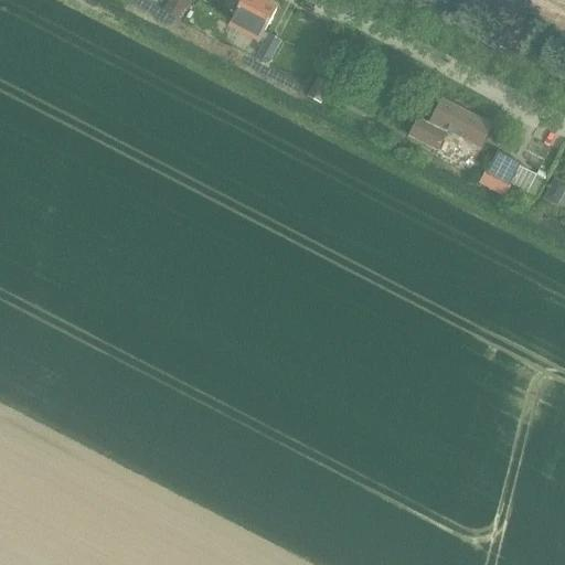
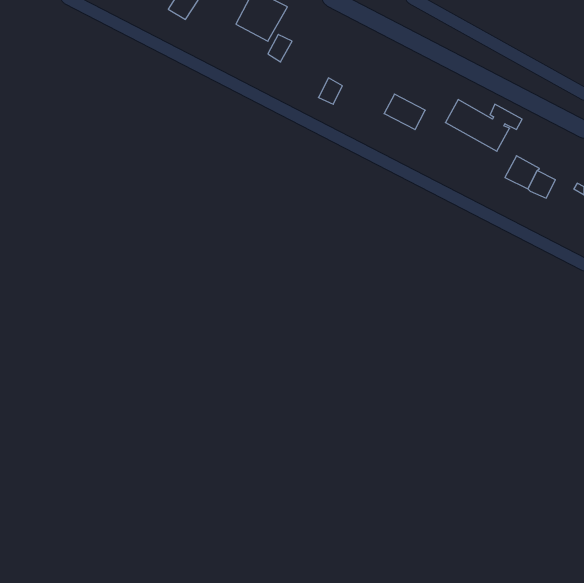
building: [407,116,447,150] -> [384,94,425,130]

